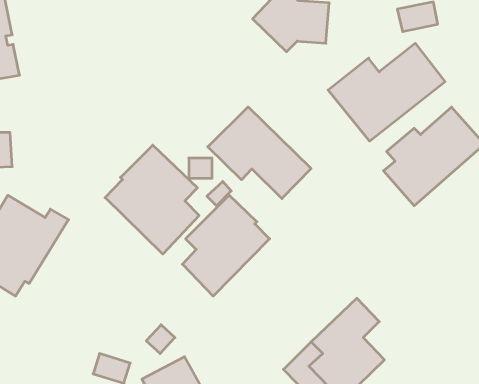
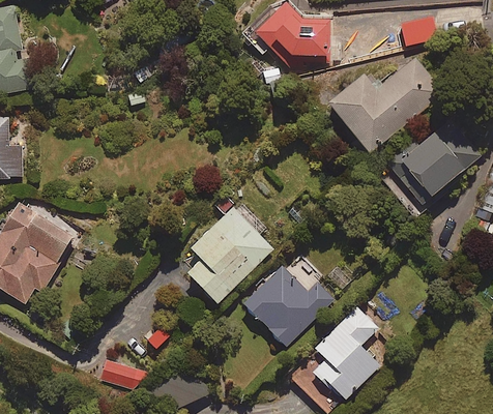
building: [208,107,311,199] -> none
building: [105,145,199,254] -> none
building: none -> [243,254,334,346]

